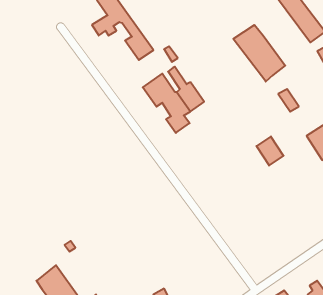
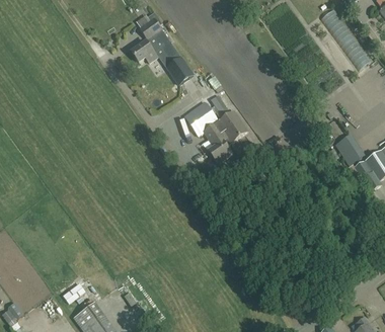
building: [233,25,285,82] -> none
building: [256,136,284,166] -> [335,134,364,164]

